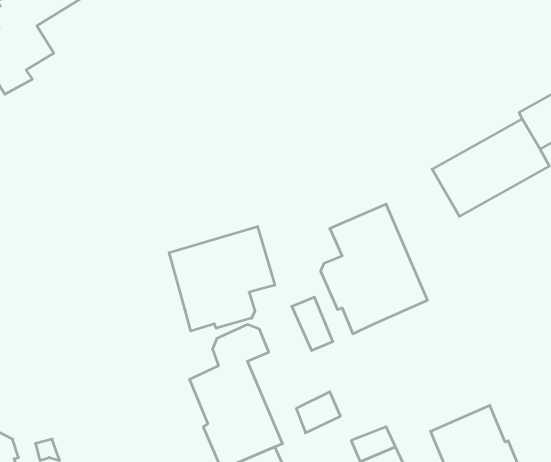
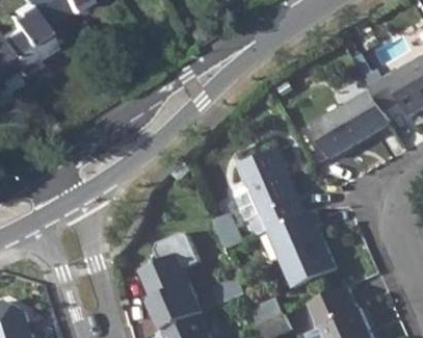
building: [169,226,275,331] -> none
building: none -> [266,211,335,289]

